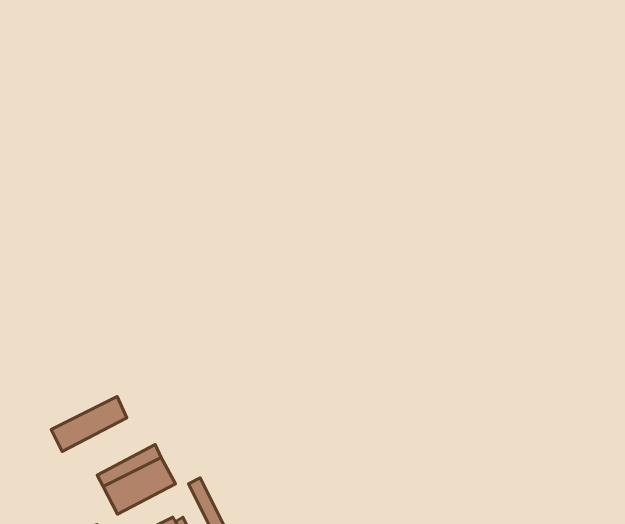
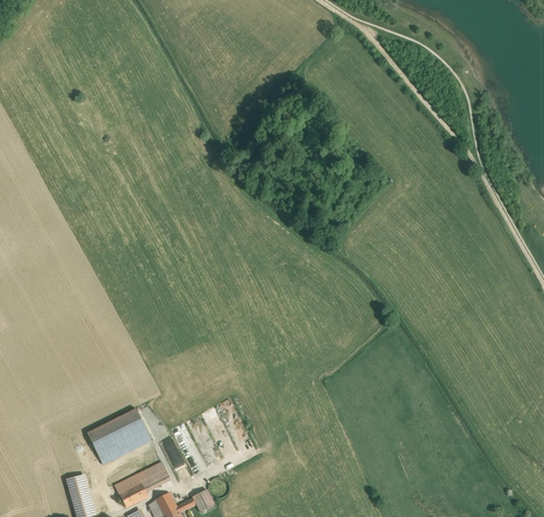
building: [51,396,127,451] -> none

